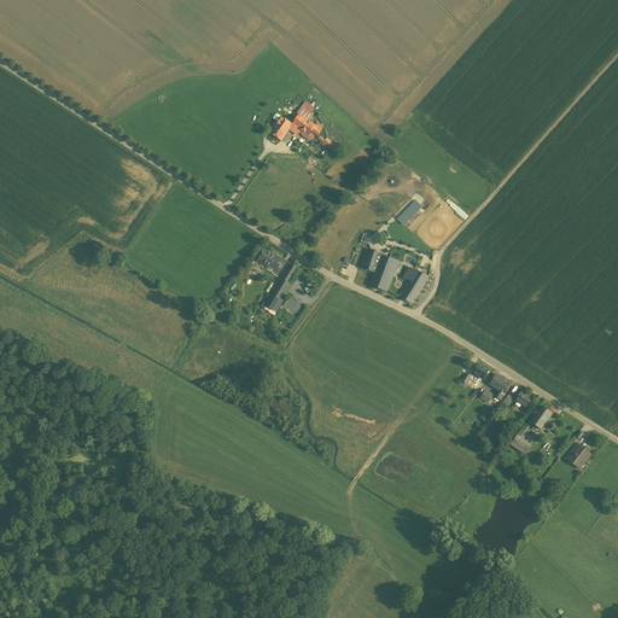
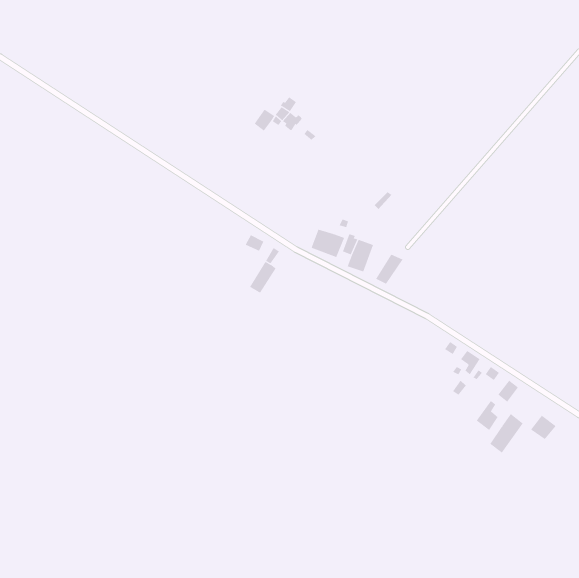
building: none -> [311,229,345,258]
building: none -> [490,413,524,453]

